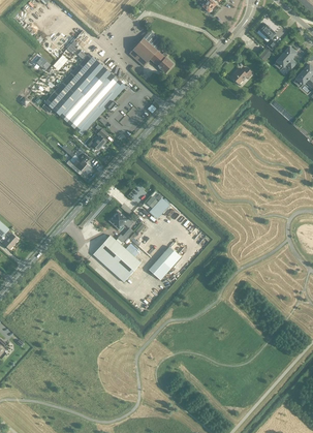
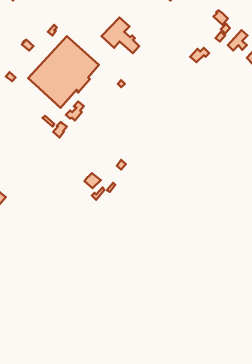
building: [92,235,140,281] -> none
building: [148,246,180,279] -> none

